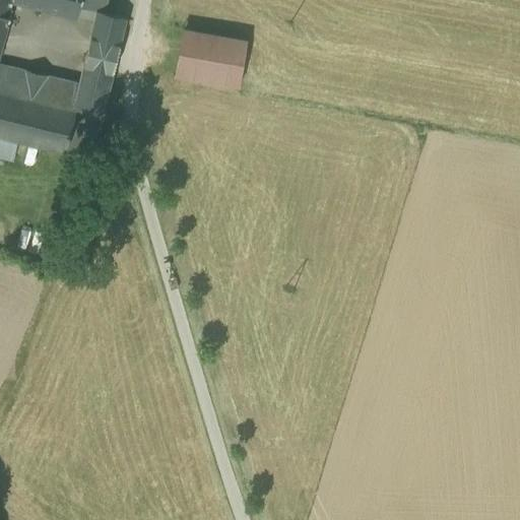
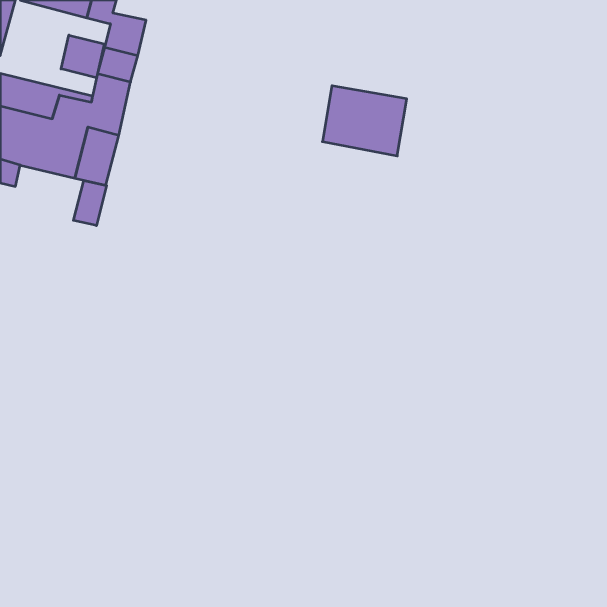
building: [174,28,246,88] -> [322,86,407,156]
building: none -> [61,35,104,78]
building: none -> [73,180,107,226]

